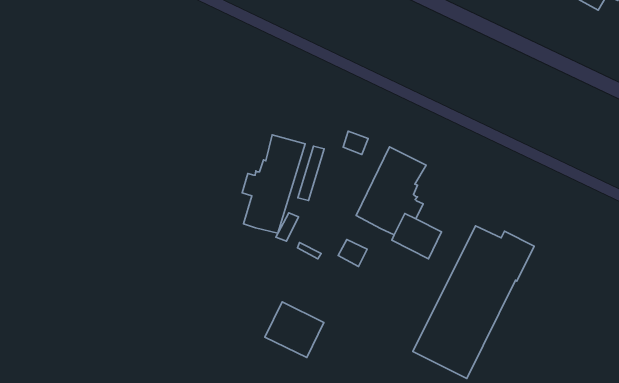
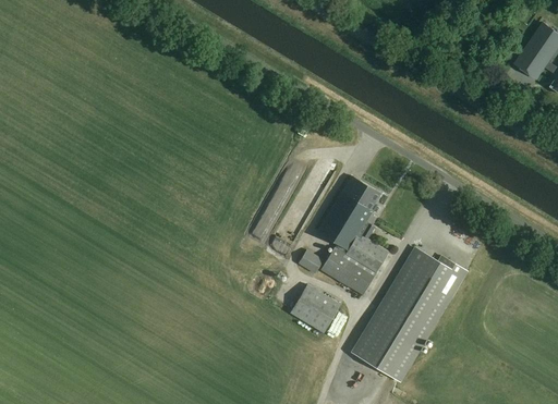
building: [242,135,305,233] -> none
building: none -> [318,244,373,294]
building: [265,302,324,358] -> [289,284,340,333]

